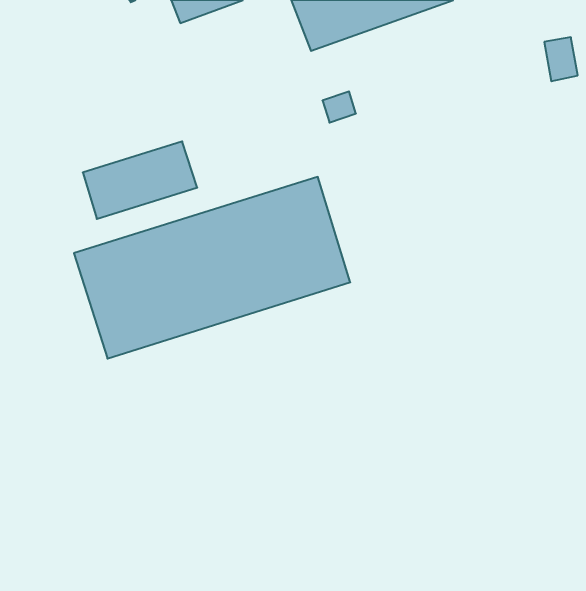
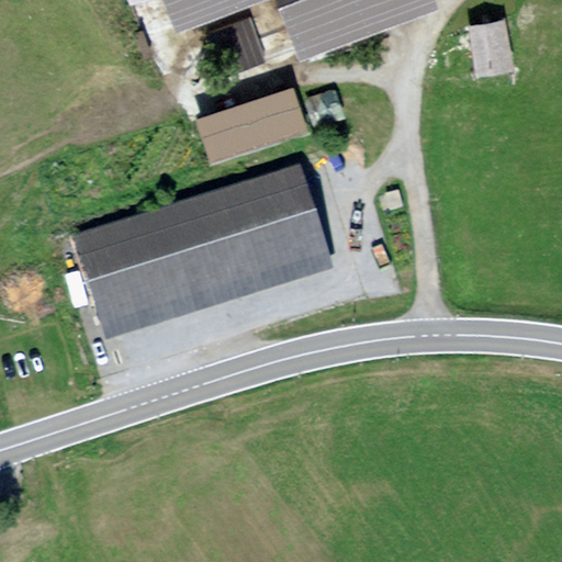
building: [544,37,578,81] -> [473,19,505,60]
building: [83,141,197,219] -> [196,79,305,153]

